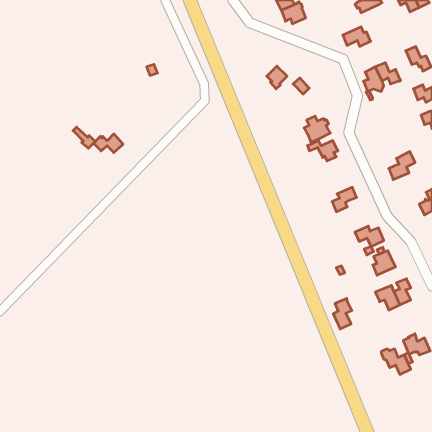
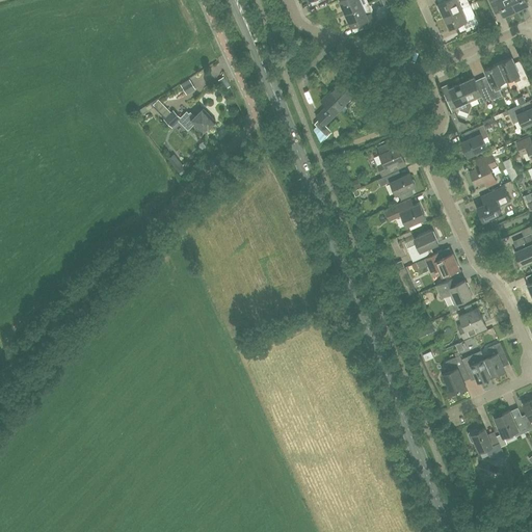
building: [343,27,371,46] -> [443,6,477,30]
building: none -> [484,63,505,100]
building: none -> [314,95,339,136]
building: none -> [461,117,494,156]
building: none -> [470,155,496,187]
building: [73,127,123,153] -> [153,101,214,132]
building: none -> [384,198,425,230]
building: none -> [417,252,458,275]
building: [333,298,352,329] -> [443,355,466,393]

